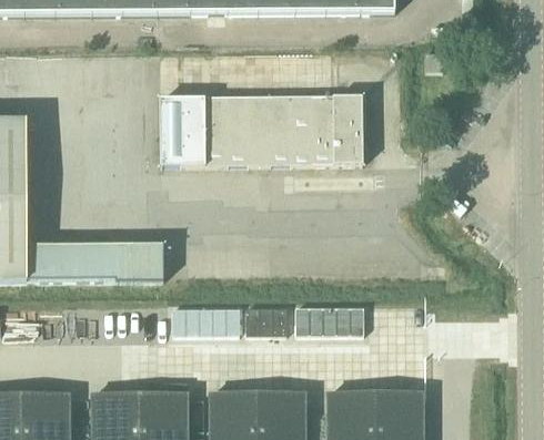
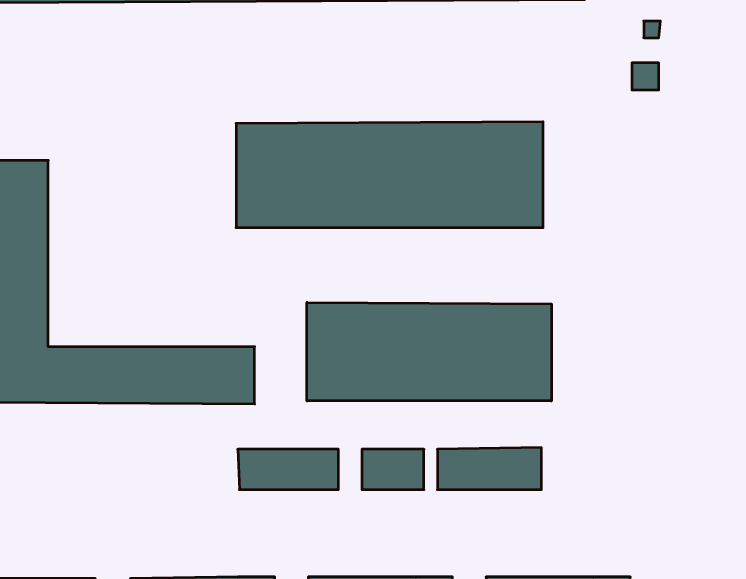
building: none -> [307,302,551,401]

